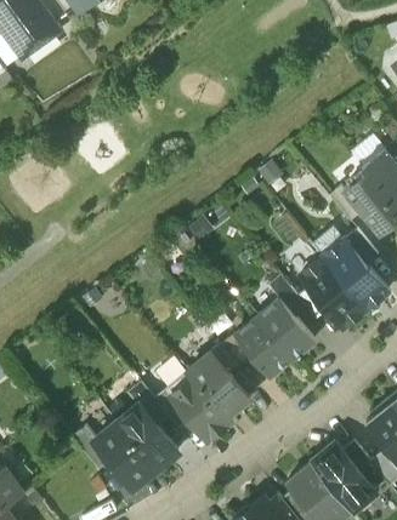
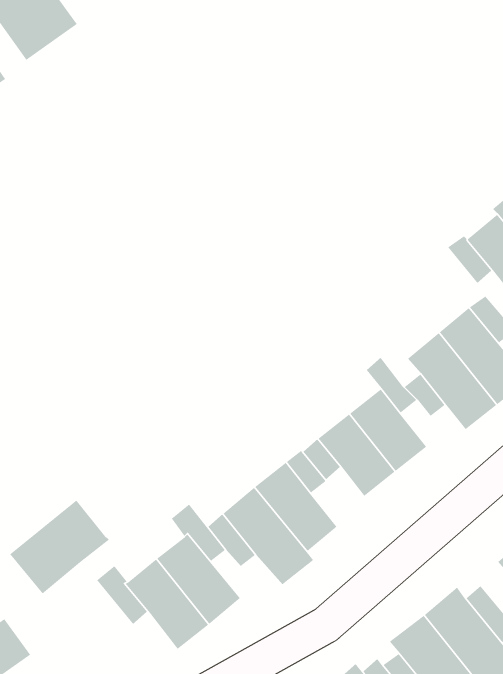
building: none -> [9,499,110,595]

